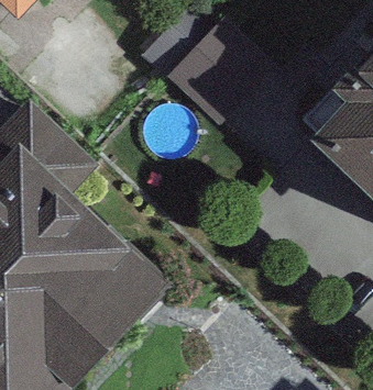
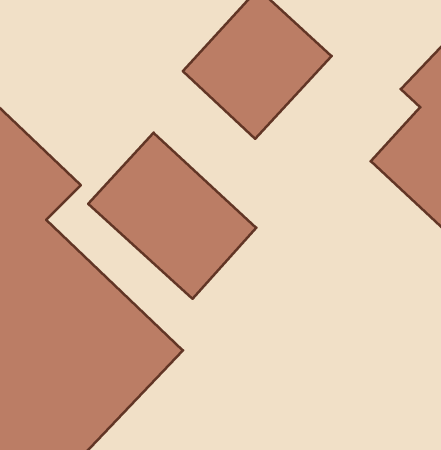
building: none -> [88,133,256,299]

